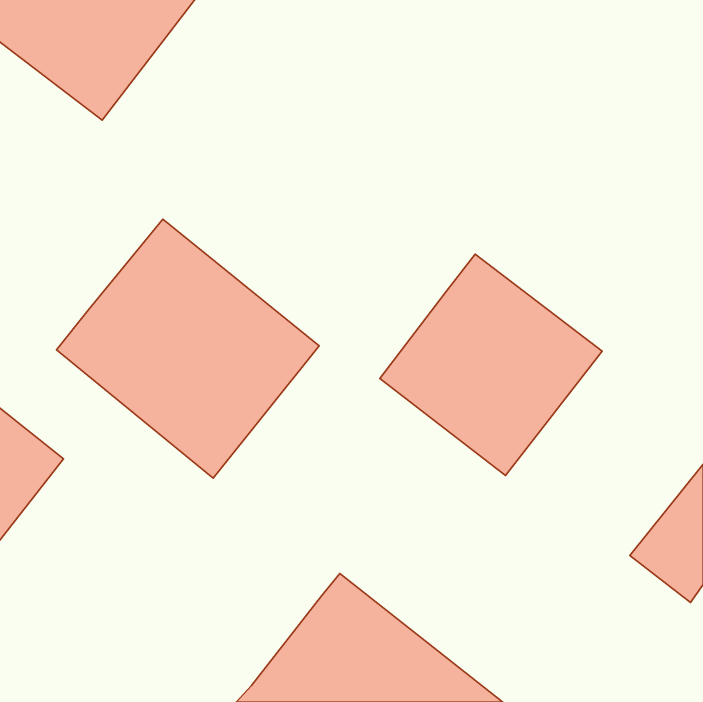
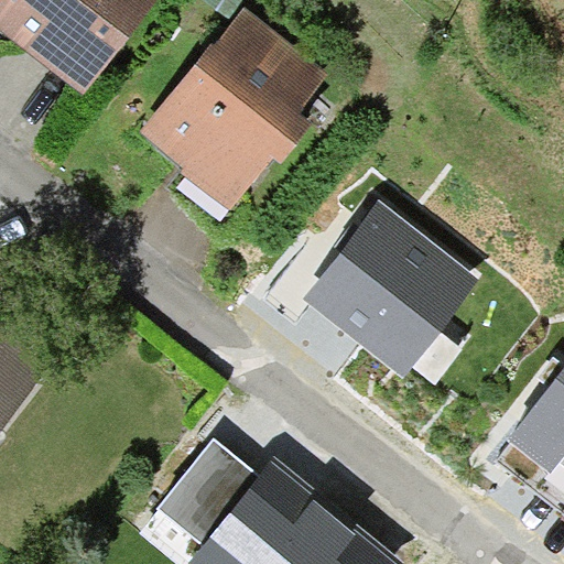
building: none -> [140,7,328,214]
building: [57,219,319,478] -> none
building: none -> [155,441,257,546]

